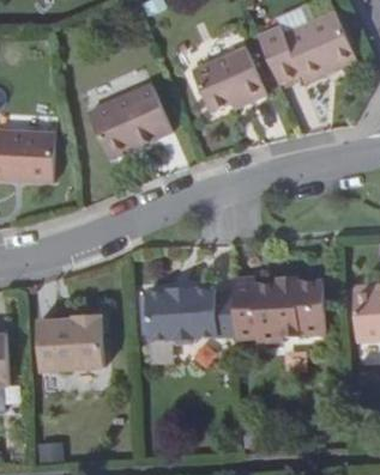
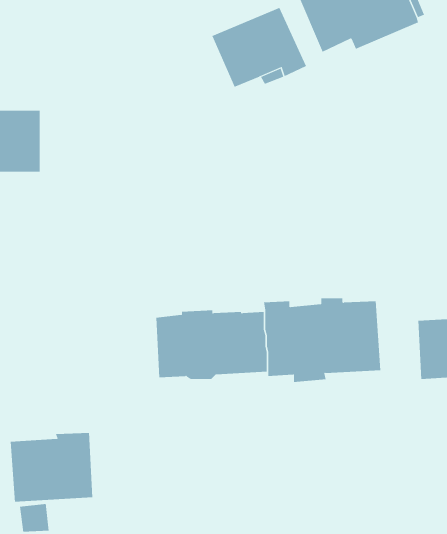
building: [85,83,168,157] -> none
building: [35,315,101,370] -> [10,432,93,502]

